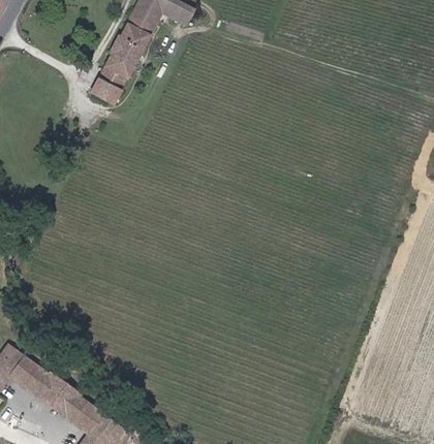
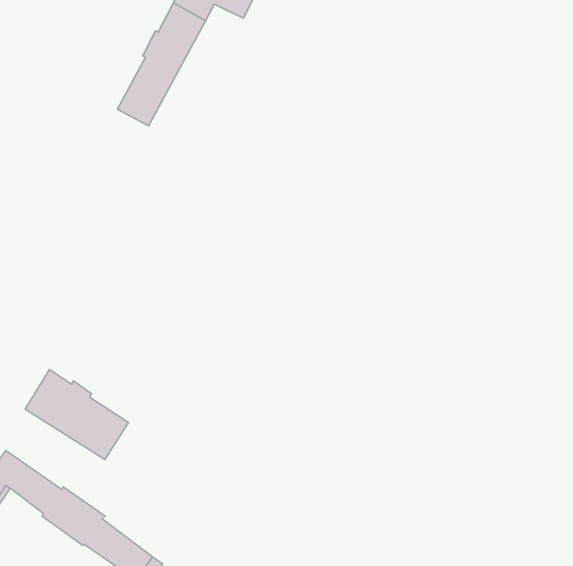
building: none -> [25,369,128,460]

